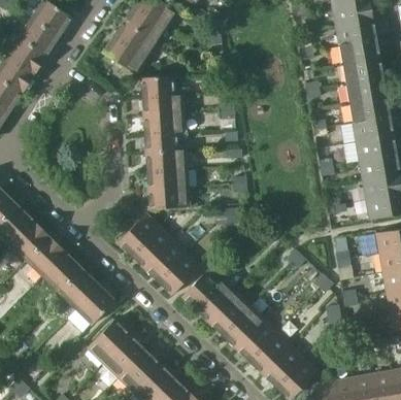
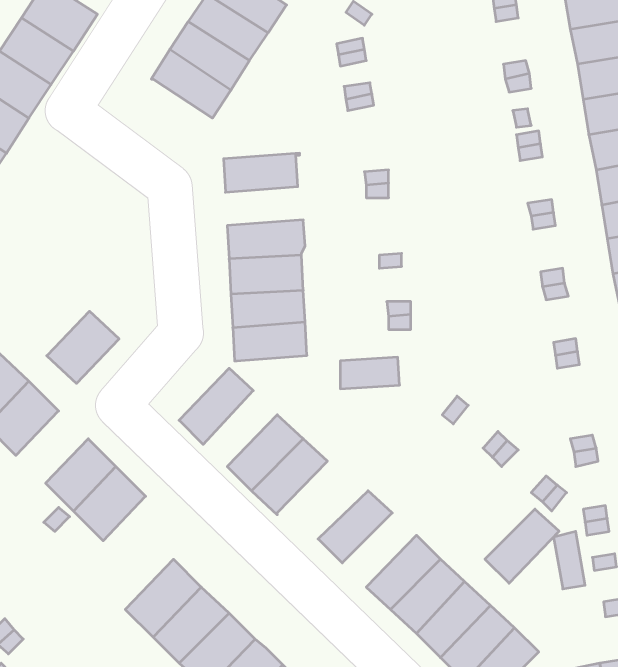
building: [141,76,195,97] -> none
building: [143,112,187,134] -> none
building: [131,226,172,268] -> none
building: [27,237,67,277] -> [47,311,119,383]
building: [181,267,223,308] -> none
building: [75,285,115,325] -> none
building: [208,294,249,335] -> [485,509,559,583]

